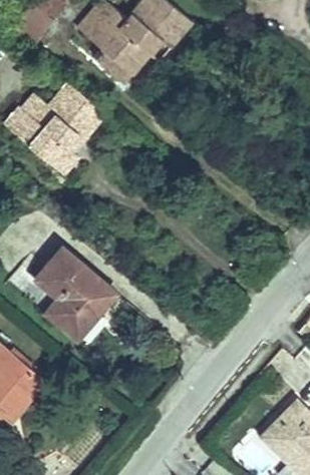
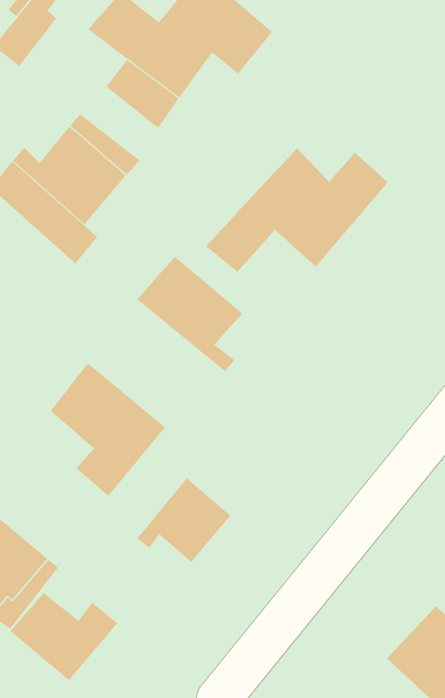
building: none -> [205,148,389,273]
building: none -> [136,256,243,372]
building: none -> [137,477,231,563]
building: none -> [9,592,118,681]

